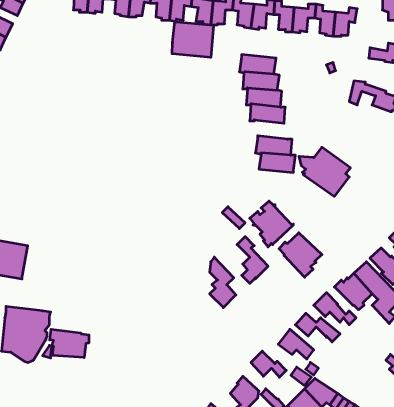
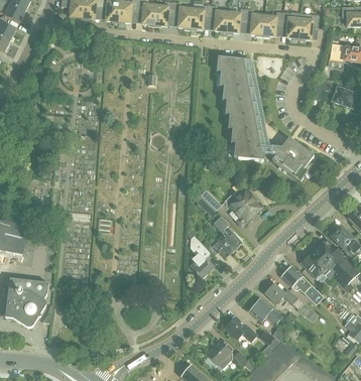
building: [172,21,214,57] -> none
building: none -> [227,113,258,130]
building: [279,233,322,277] -> none
building: [50,329,89,358] -> none

